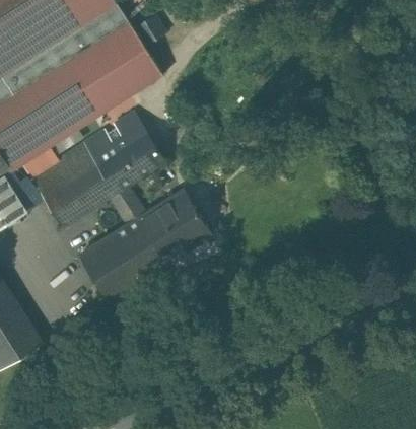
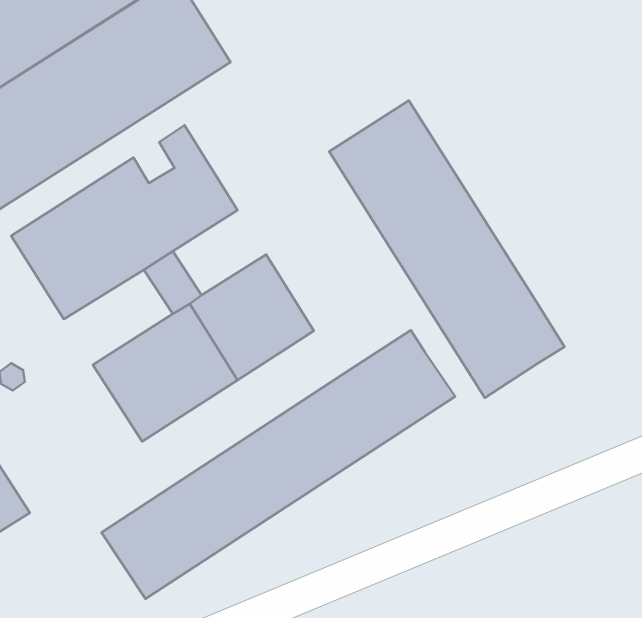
building: none -> [329,100,565,398]
building: none -> [101,330,455,599]

